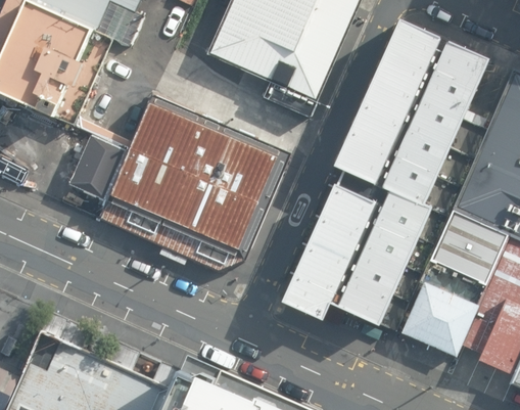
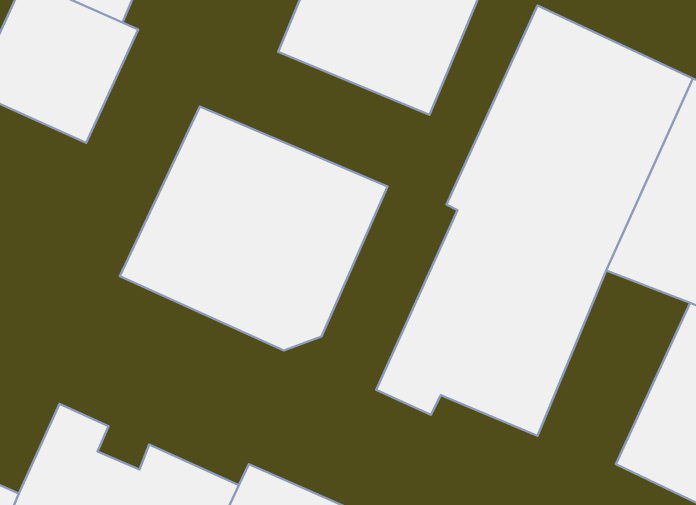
building: [67,134,125,198] -> none
building: [399,213,511,354] -> none

